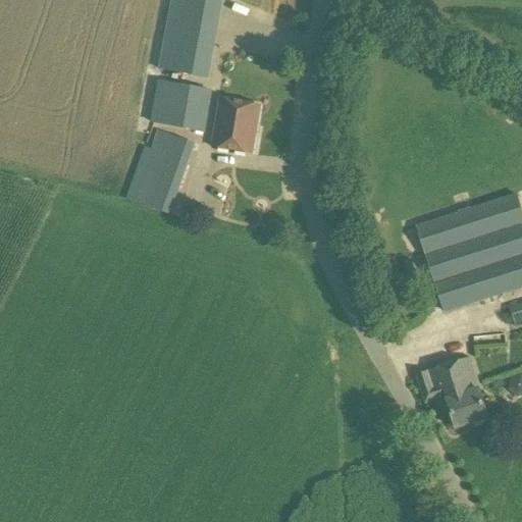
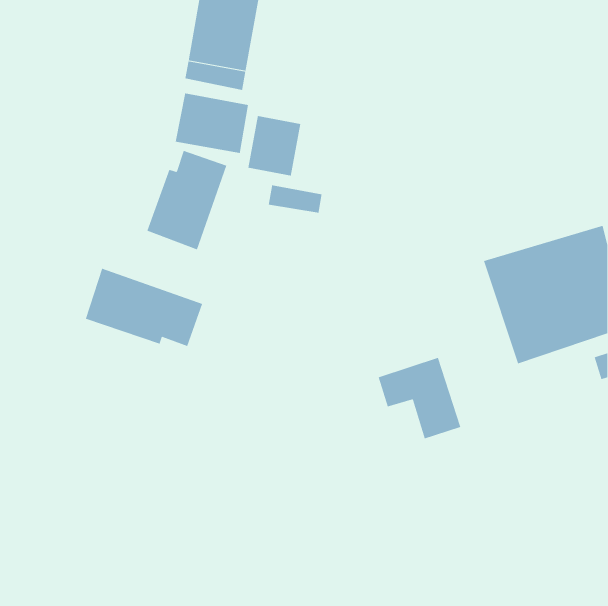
building: none -> [268,184,322,213]
building: none -> [85,268,203,347]
building: [416,357,487,427] -> [378,357,461,439]

